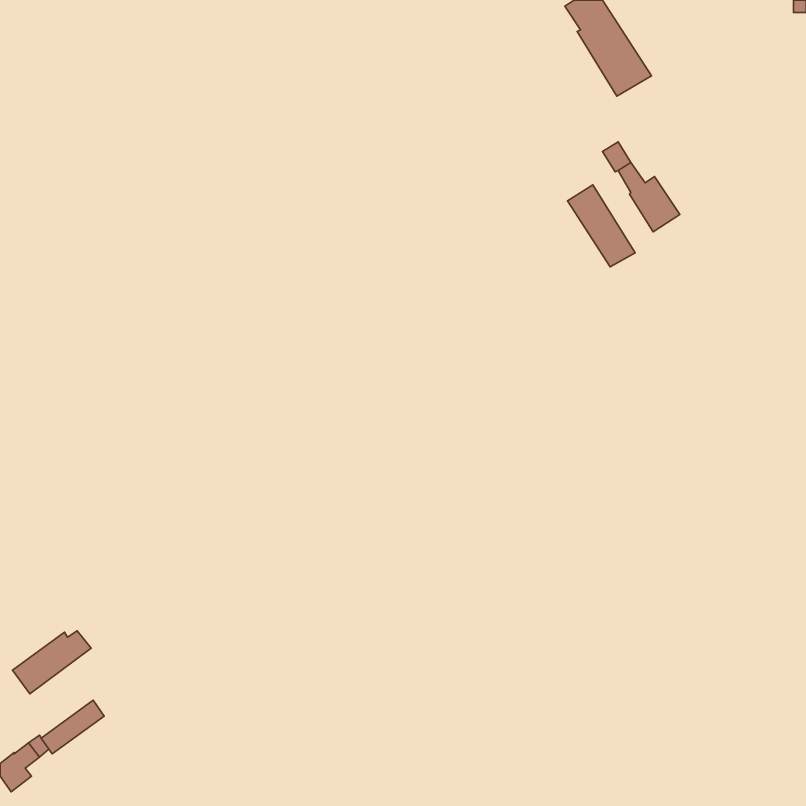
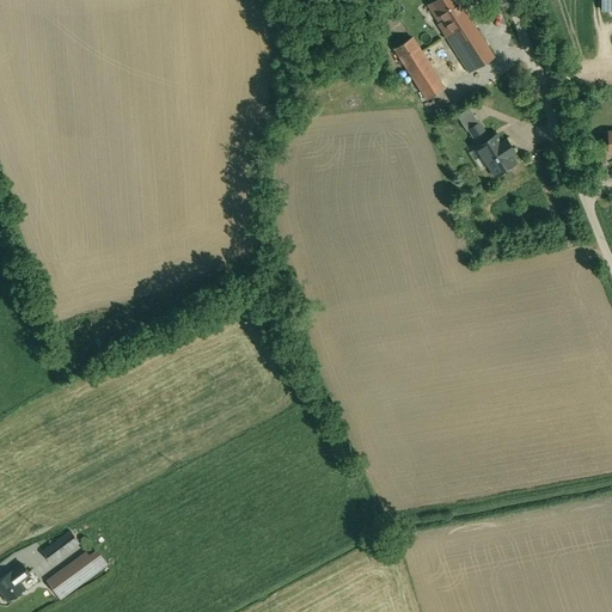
building: [568,185,635,267] -> [393,37,445,99]
building: [12,631,91,694] -> [47,551,106,599]

